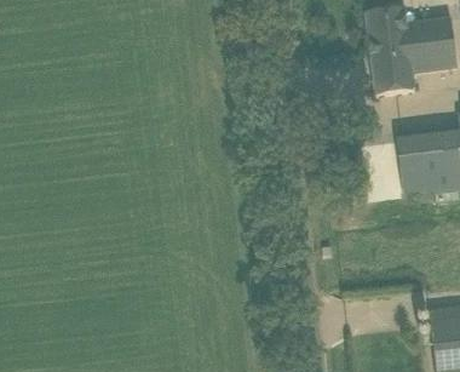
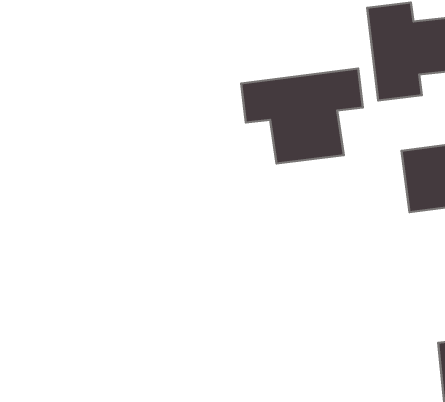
building: none -> [241,68,363,164]

